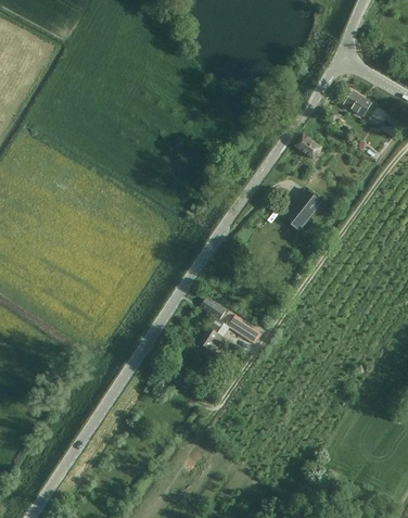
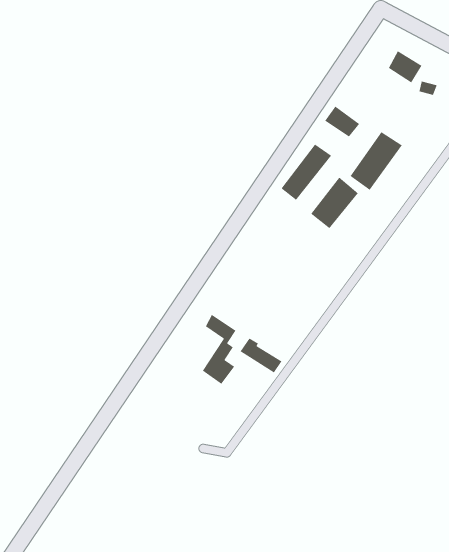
building: none -> [350,131,403,191]
building: none -> [280,143,332,201]

